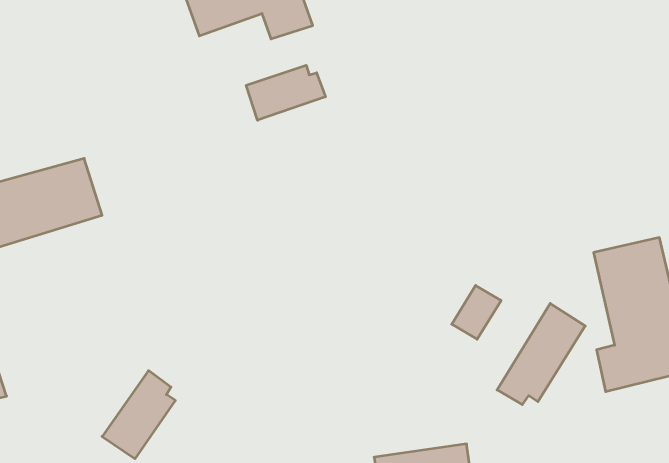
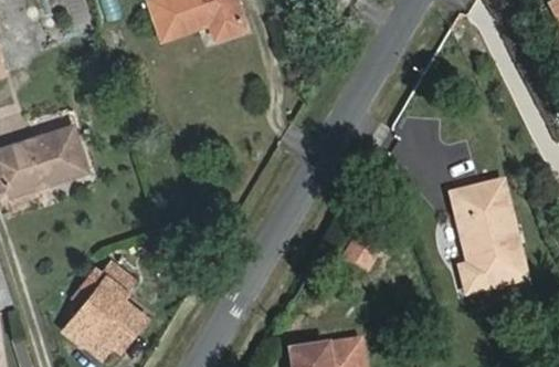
building: [246,65,325,120] -> none
building: [497,303,585,405] -> none
building: none -> [60,265,122,334]

